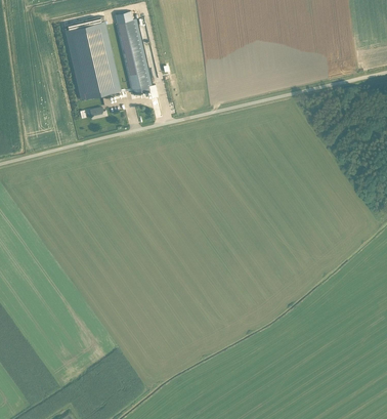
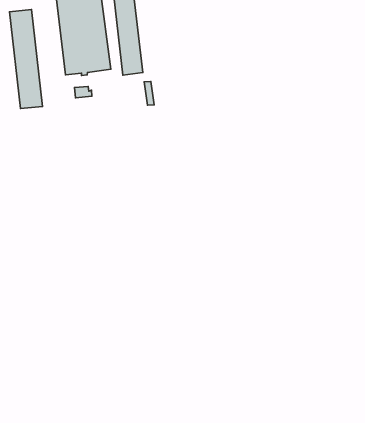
building: none -> [9,10,43,109]

